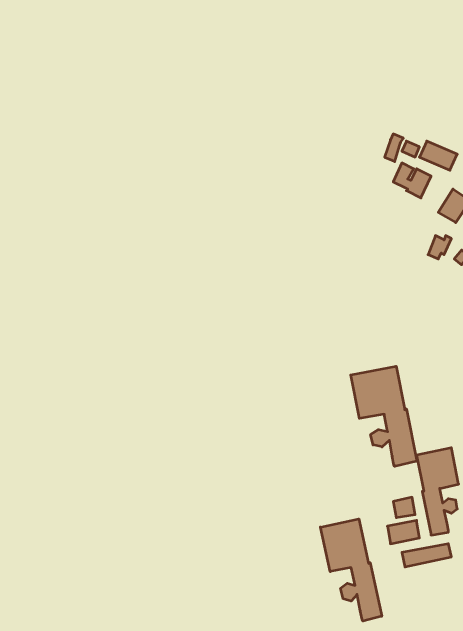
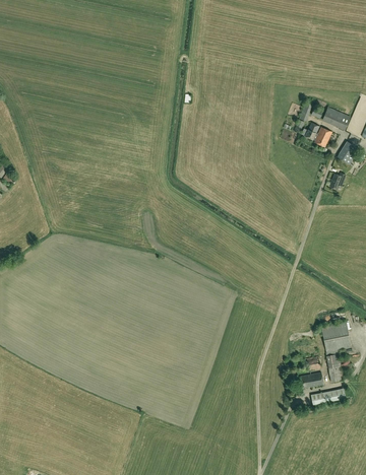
building: [351,366,417,466] -> none
building: [320,519,382,621] -> none

